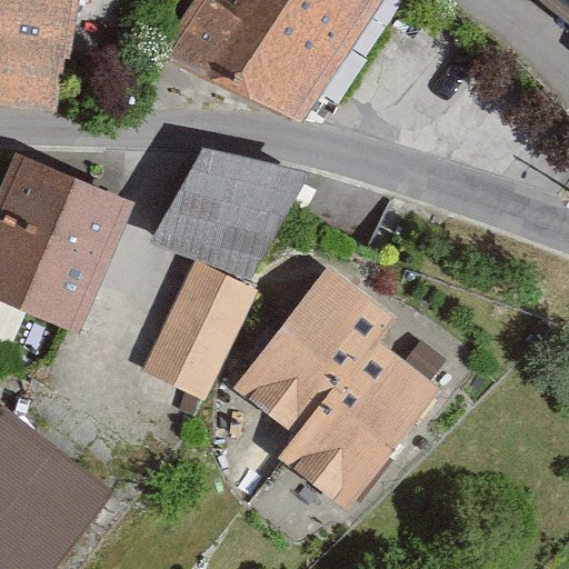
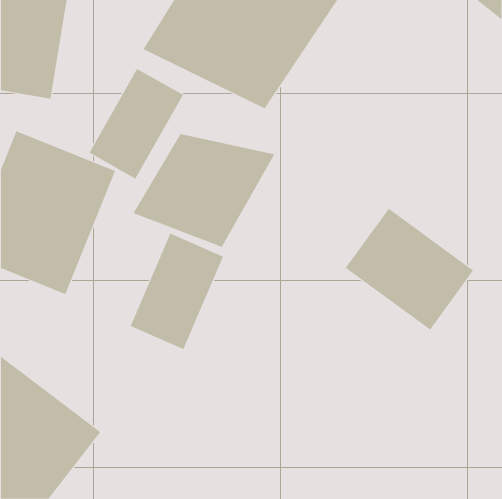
building: none -> [89,68,184,179]
building: none -> [345,208,474,330]
building: [233,273,426,501] -> none

